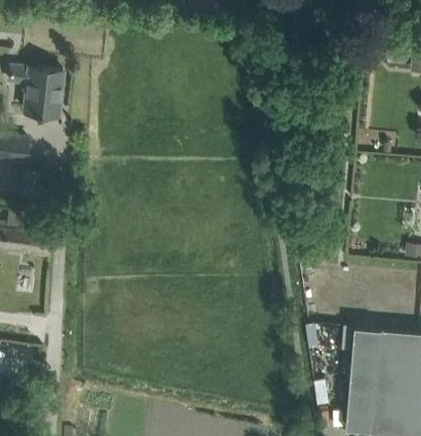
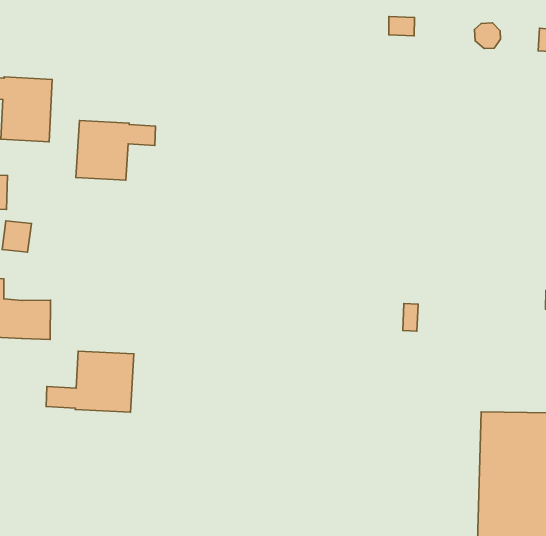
building: none -> [76,120,155,180]
building: none -> [46,351,134,412]

